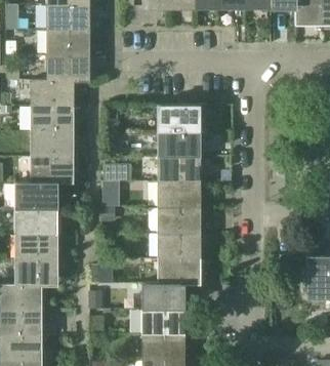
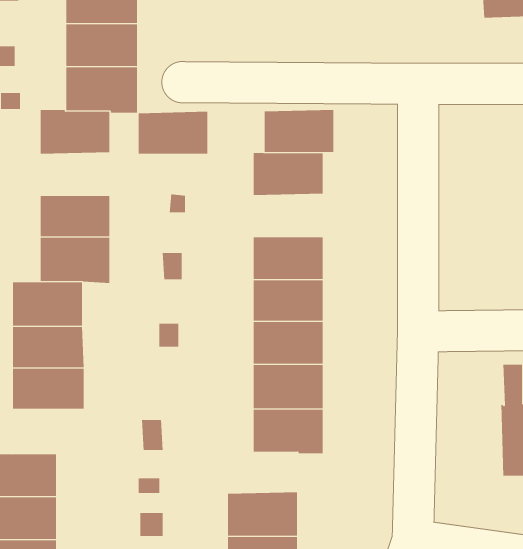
building: [31,106,73,131] -> [138,111,208,154]
building: [158,130,200,156] -> [264,110,334,153]
building: [14,258,57,286] -> none
building: [142,283,184,309] -> none

